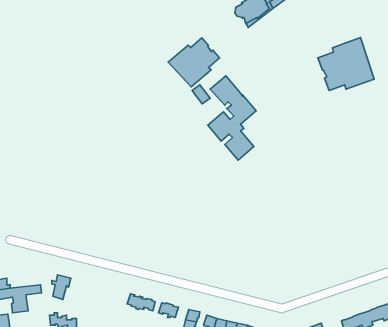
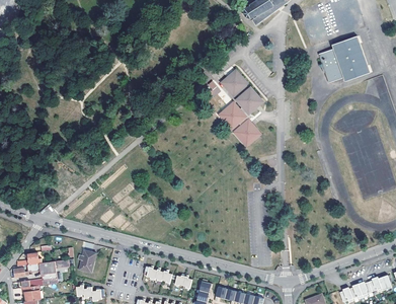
building: [168,38,219,87] -> none

